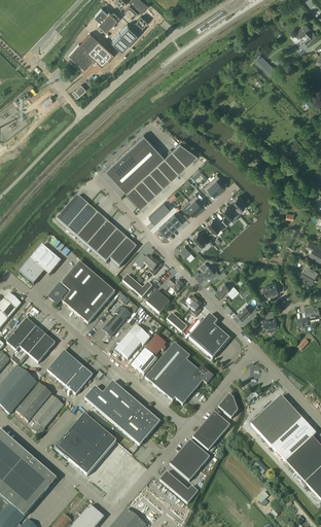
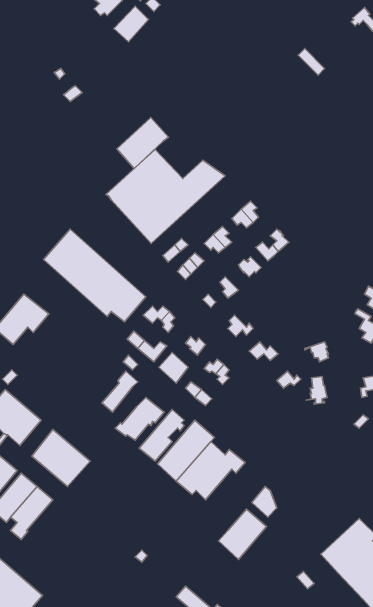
building: [69,31,105,68] -> none
building: none -> [117,118,168,168]
building: [49,261,114,323] -> none
building: [188,314,229,358] -> none
building: [84,381,159,446] -> none
building: [250,395,301,447] -> none
building: [55,414,116,476] -> none
building: [170,440,210,481] -> none

